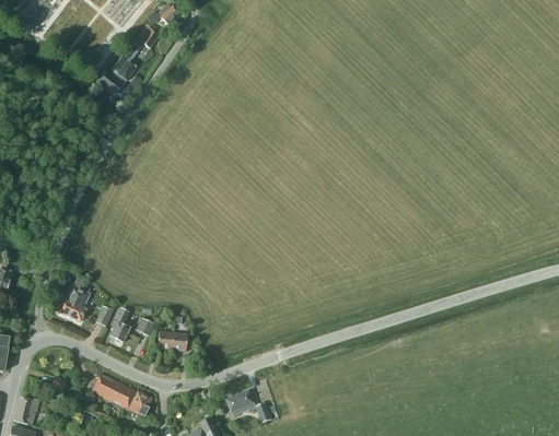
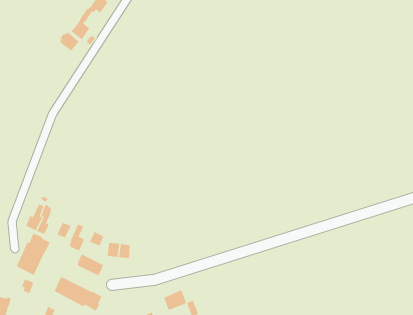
building: none -> [16,233,50,276]
building: none -> [77,253,104,276]

